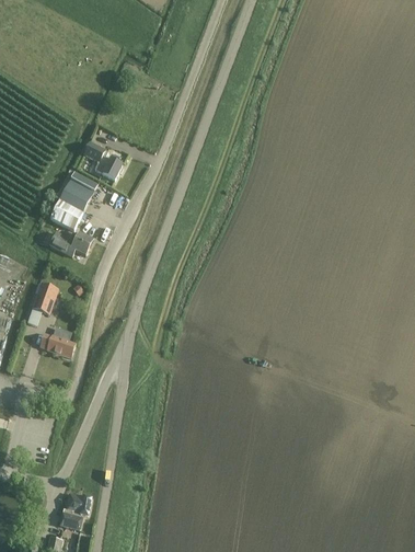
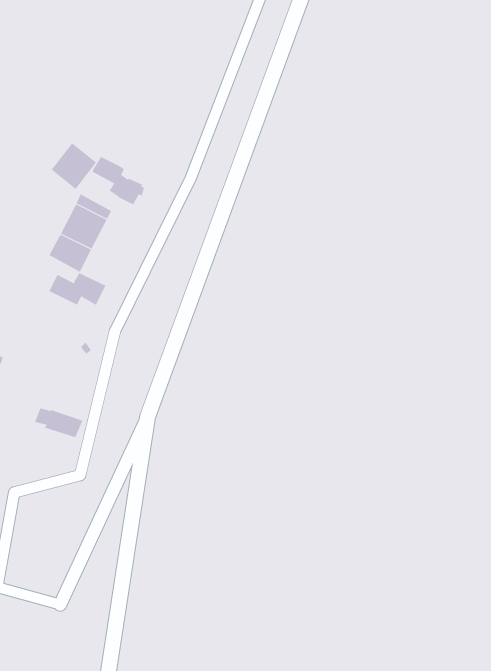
building: none -> [51,142,97,190]
building: [27,283,58,319] -> none
building: [59,493,91,528] -> none

